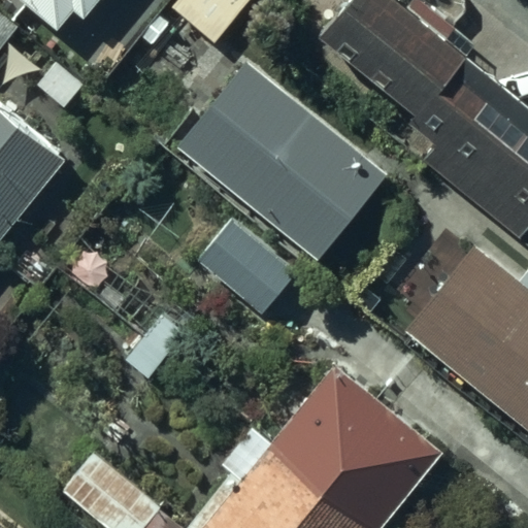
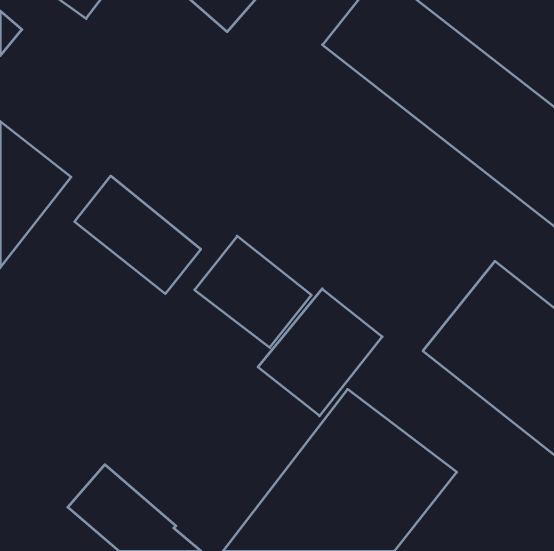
building: [178,66,384,261] -> none
building: none -> [75,176,201,294]
building: none -> [258,289,382,416]

